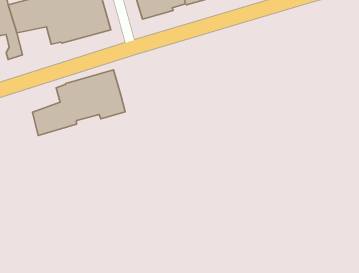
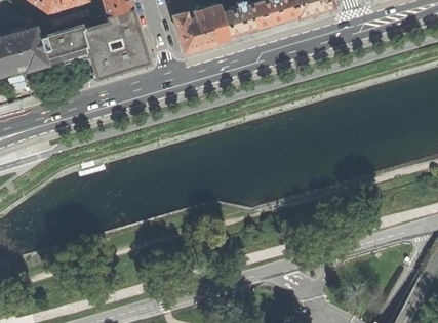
building: [32,70,125,135] -> none

